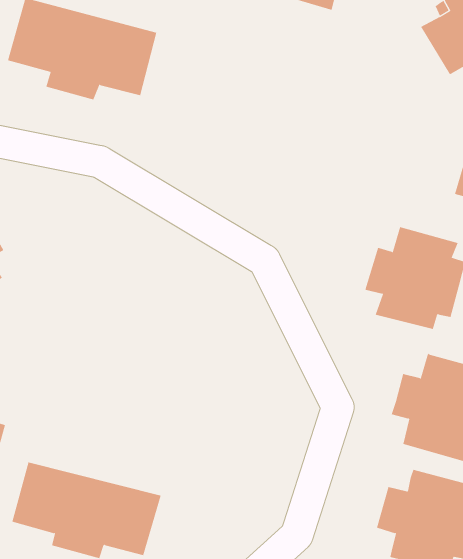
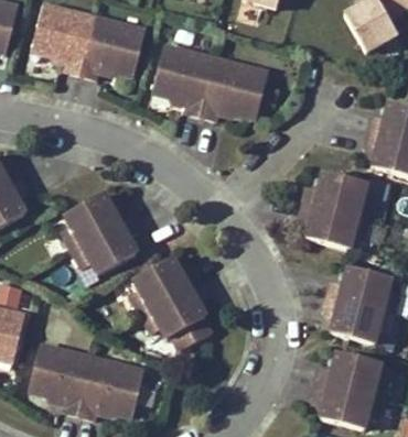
building: none -> [150,43,265,120]
building: none -> [62,188,140,271]
building: none -> [132,254,212,347]

